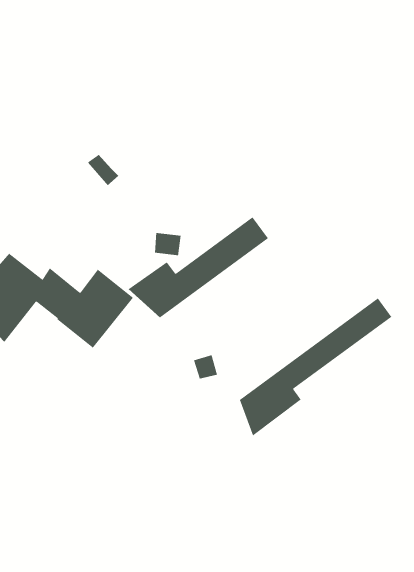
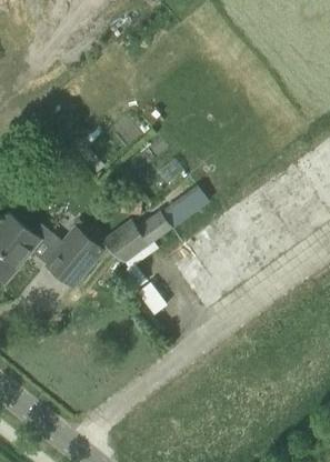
building: [239,298,392,436] -> none

